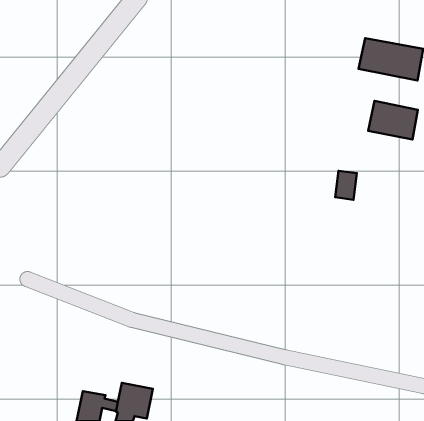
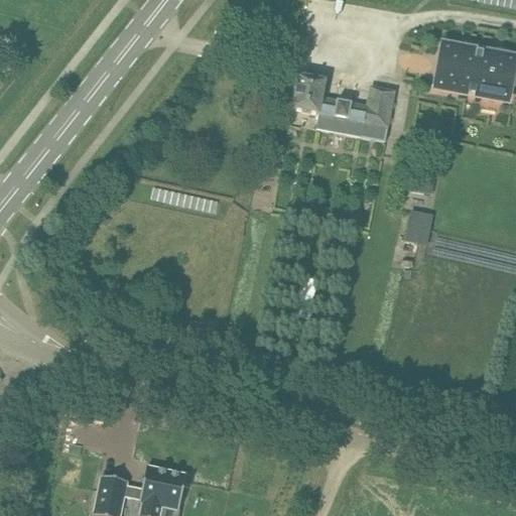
building: none -> [292,74,395,140]
building: [368,101,418,139] -> none

